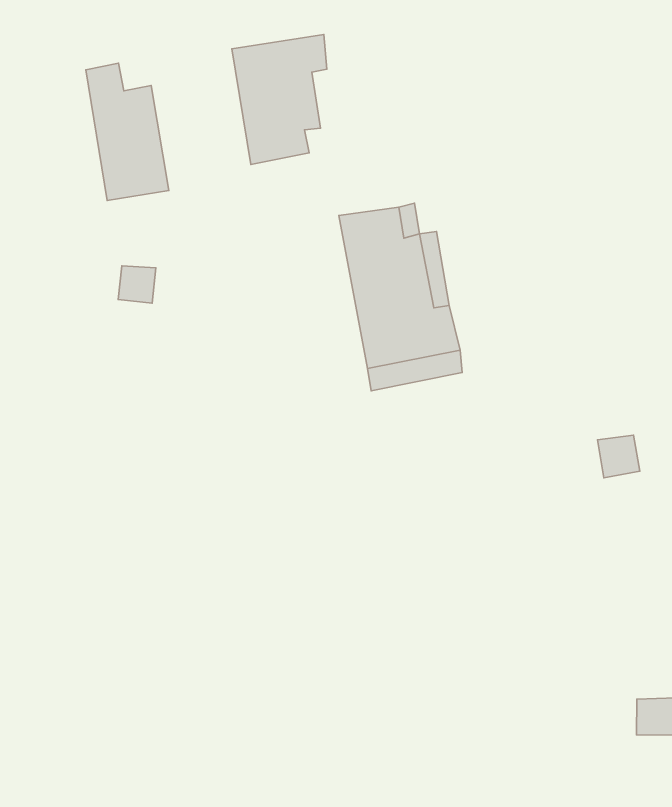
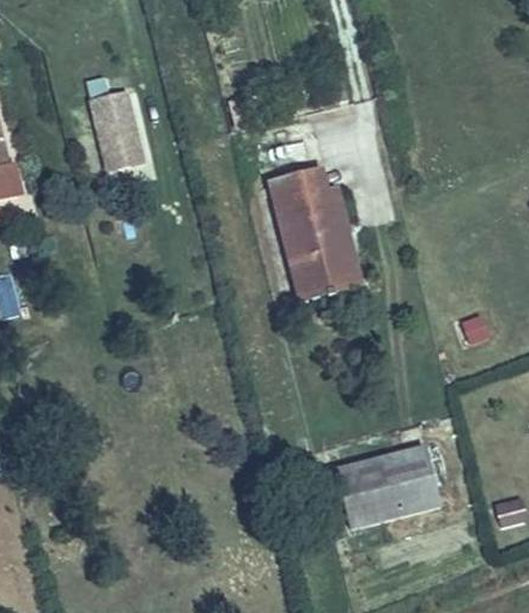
building: [232,35,327,164] -> none
building: none -> [336,445,436,527]

